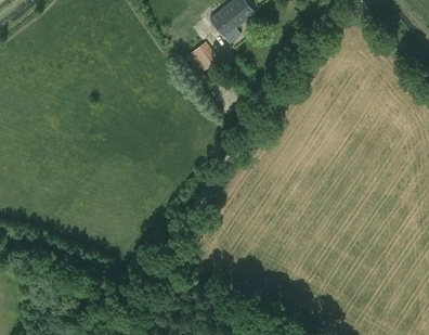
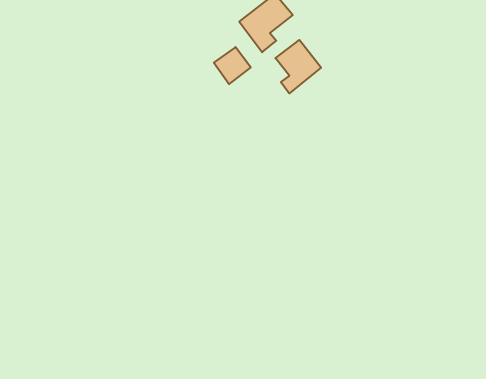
building: none -> [275,40,321,93]

